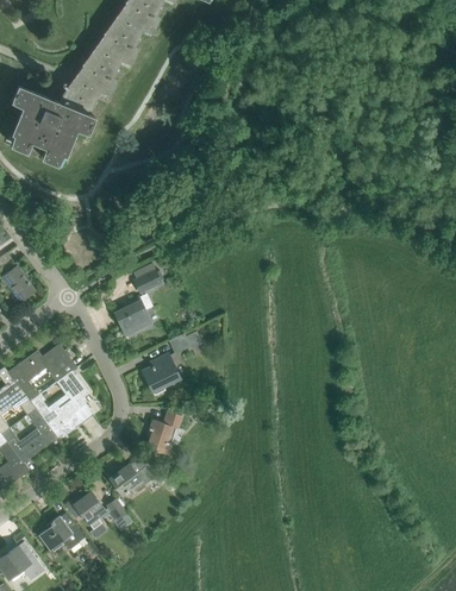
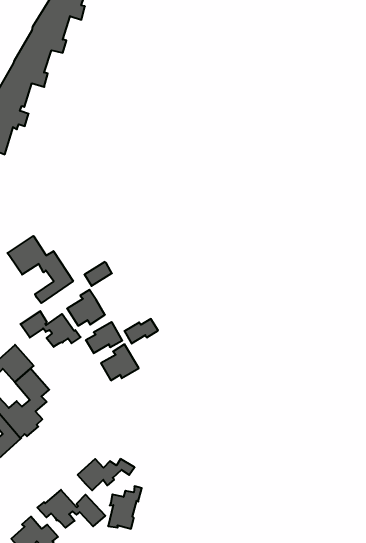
building: none -> [7,236,73,303]
building: none -> [20,311,81,347]
building: none -> [86,322,122,353]
building: [145,413,182,454] -> [108,486,142,529]

